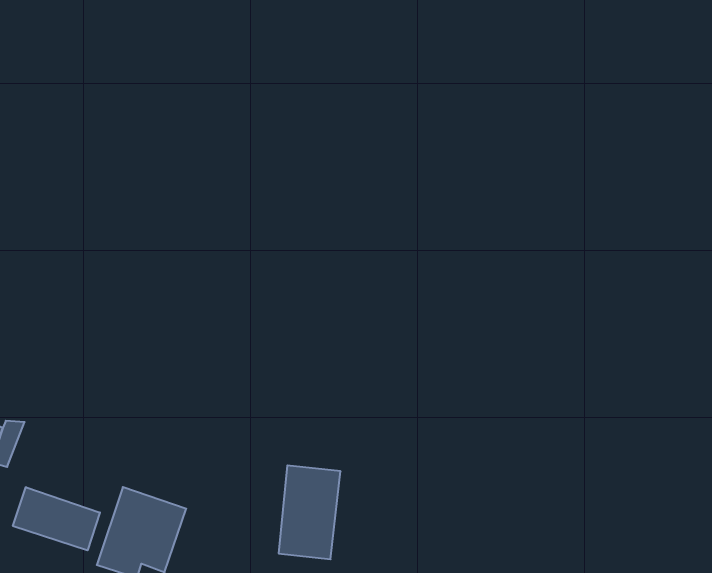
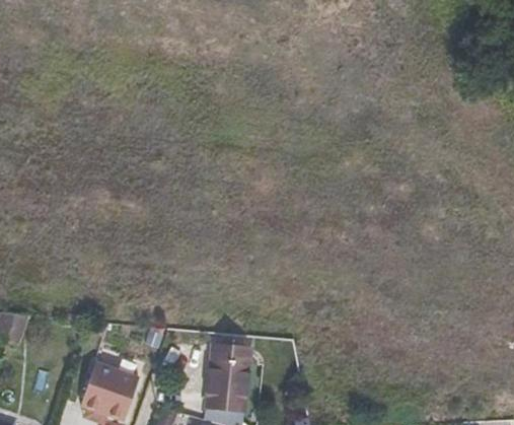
building: [13,487,100,550] -> none

